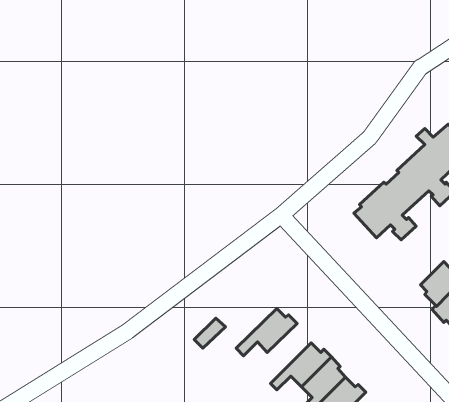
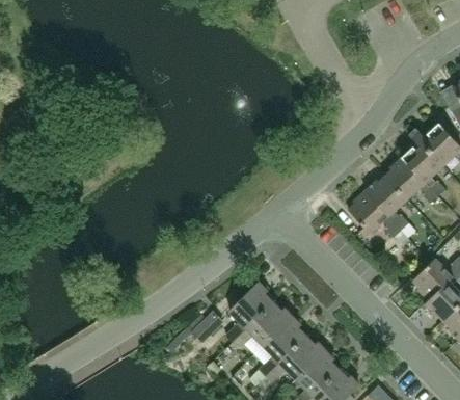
building: none -> [227,282,273,341]
building: none -> [261,317,306,375]

